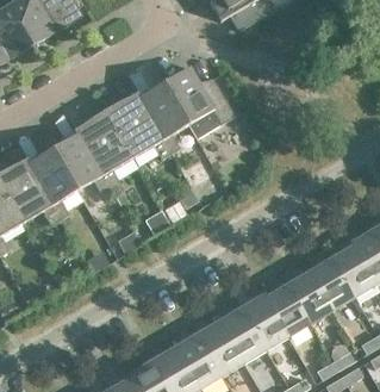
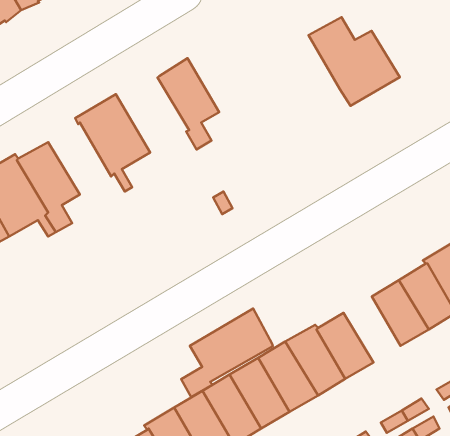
building: [162,68,235,138] -> [309,17,400,106]
building: [105,93,169,158] -> none
building: [51,133,112,195] -> none
building: [286,272,331,324] -> none
building: none -> [181,309,273,397]

